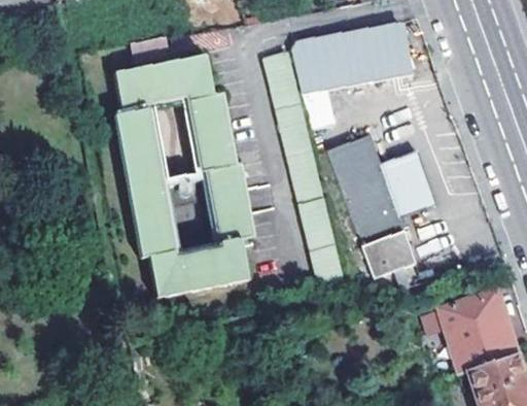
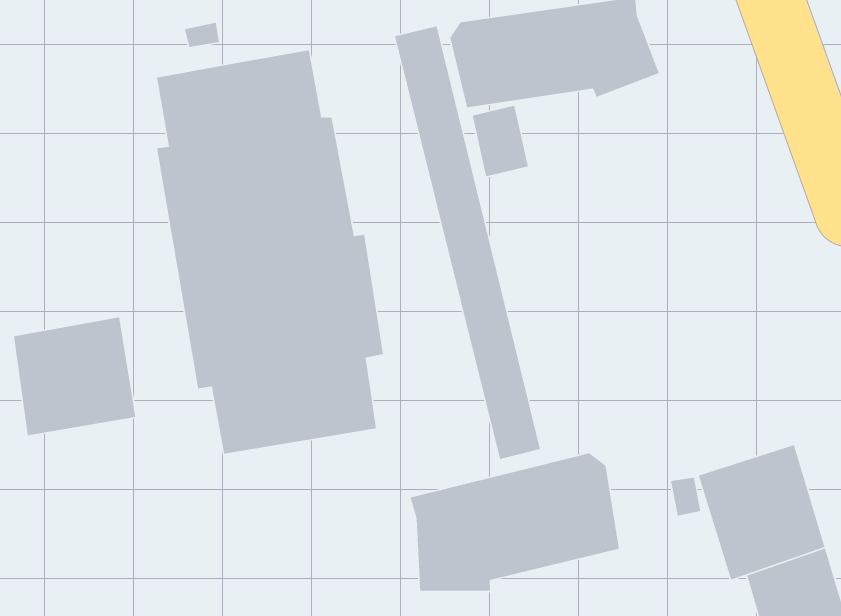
building: [328,128,435,273] -> none
building: none -> [13,316,136,436]
building: none -> [410,453,620,592]

